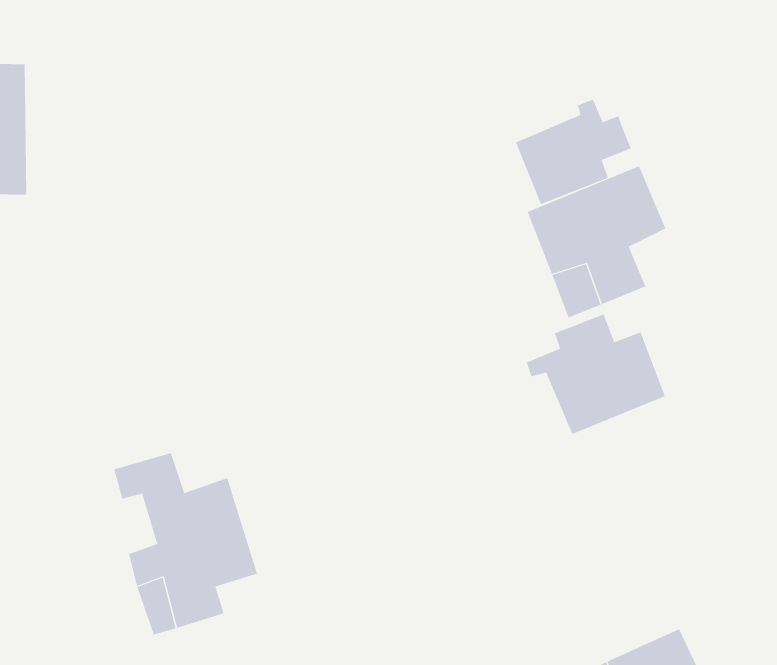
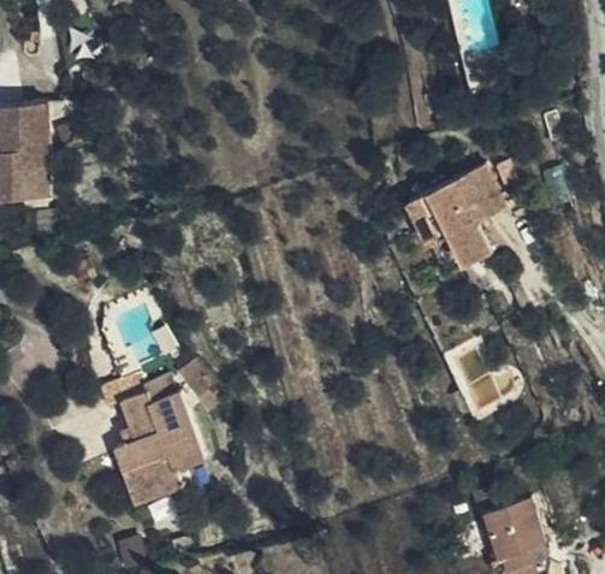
building: [515,99,631,205] -> none
building: [526,313,665,435] -> none

